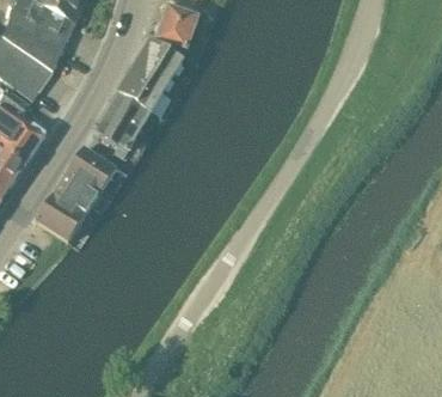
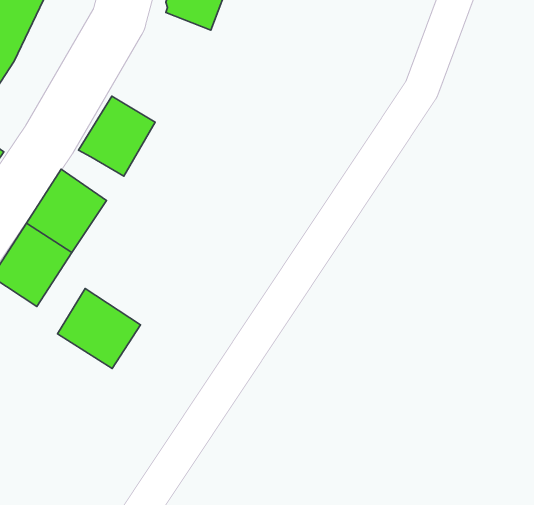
building: [118,41,182,112] -> none
building: none -> [58,289,141,368]

